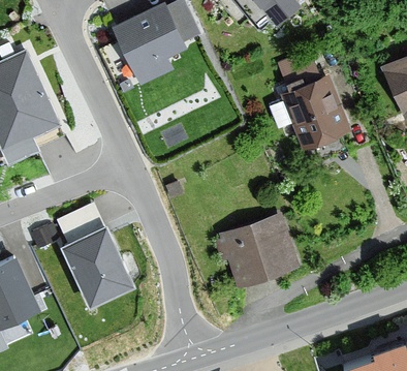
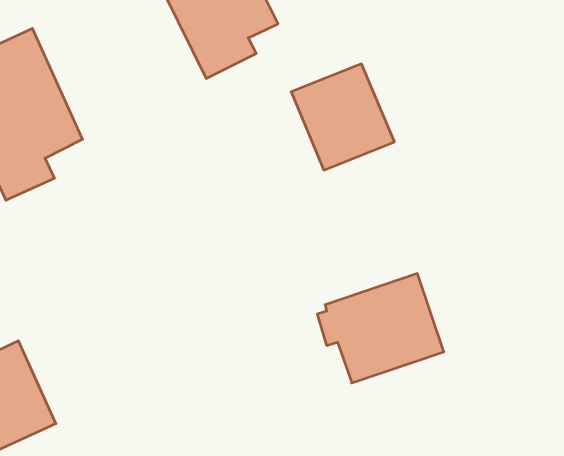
building: [282,79,350,149] -> [291,64,394,170]
building: [56,207,135,310] -> none

